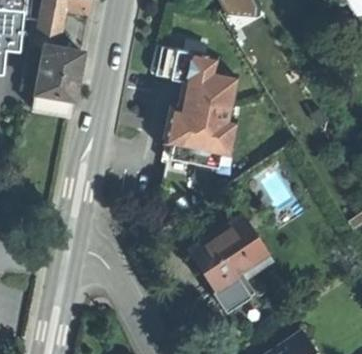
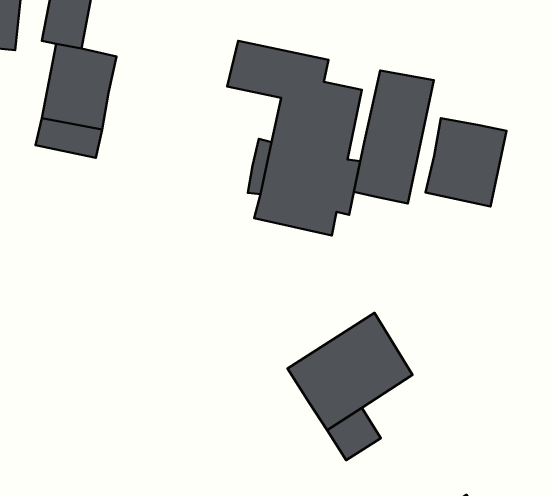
building: none -> [354,70,434,204]
building: none -> [426,118,506,207]

